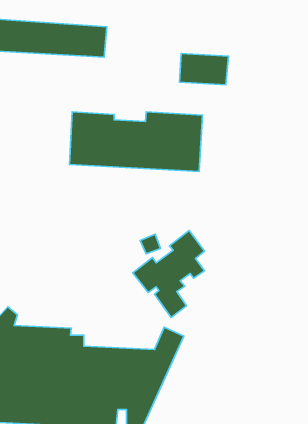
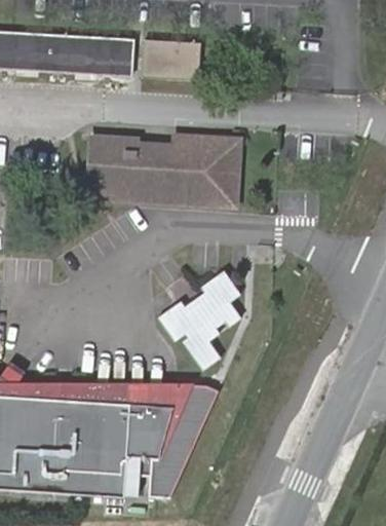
building: [179,53,229,85] -> [139,39,195,75]
building: none -> [87,382,195,408]

